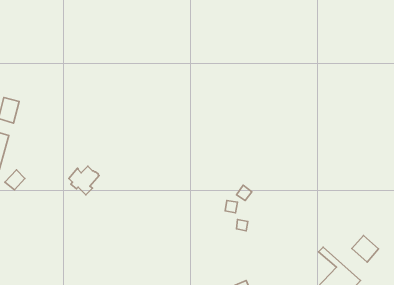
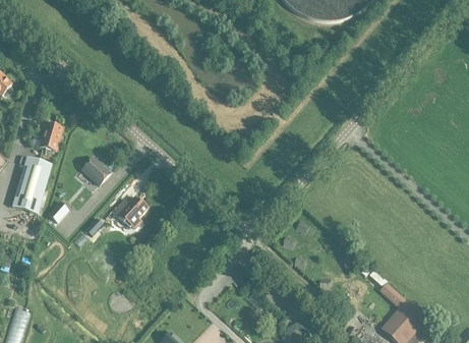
building: none -> [81,158,110,185]
building: [352,236,378,262] -> none

